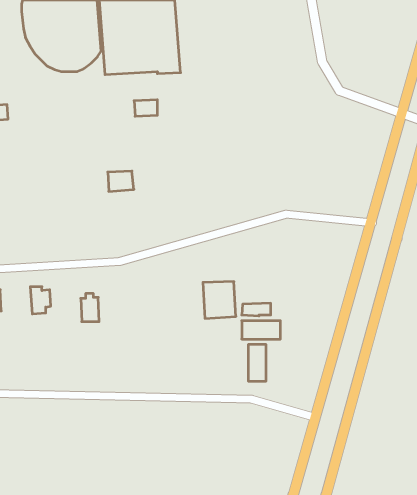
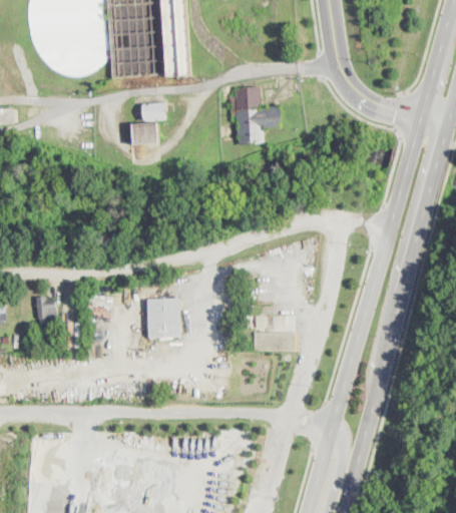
building: none -> [229,87,281,144]
building: [108,171,134,191] -> [131,123,158,144]
building: [203,282,236,318] -> [146,299,180,337]
building: [249,344,266,381] -> none

